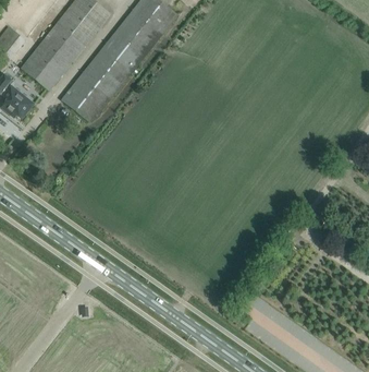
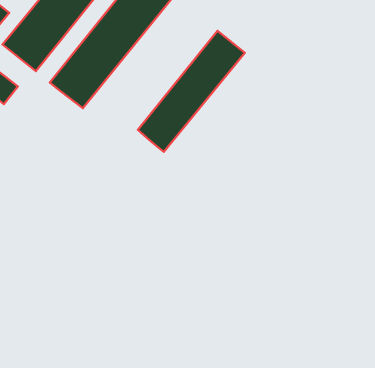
building: none -> [138,31,245,152]

